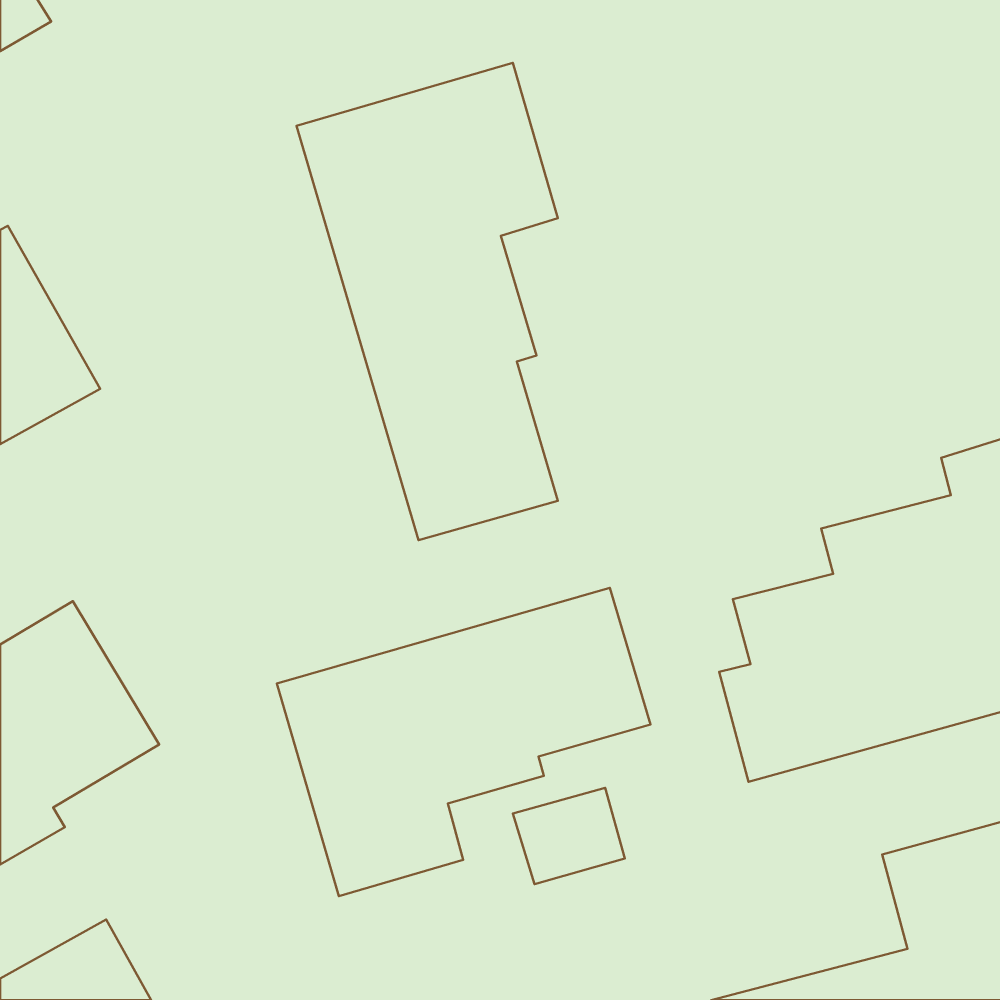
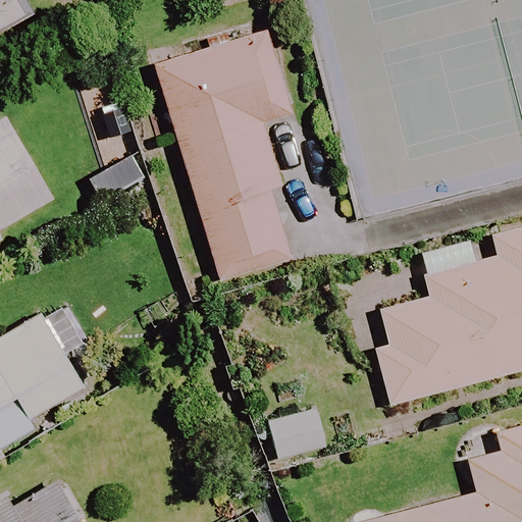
building: [277,588,651,896] -> none

